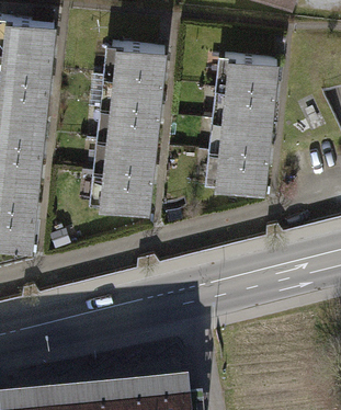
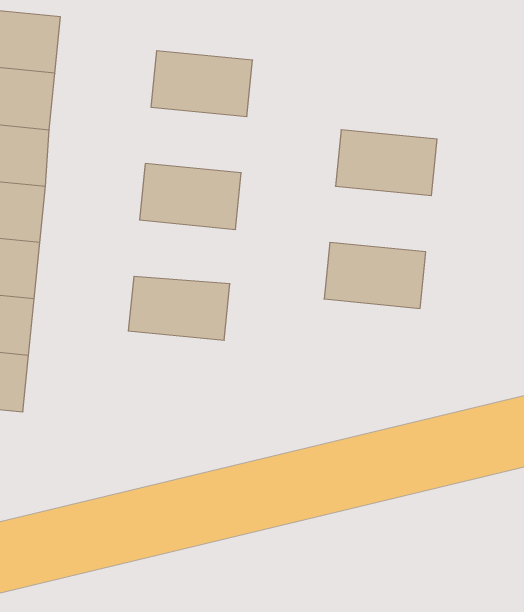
building: [218,55,277,93] -> none
building: [104,75,163,113] -> none
building: [212,121,271,159] -> none
building: [98,140,157,178] -> none

